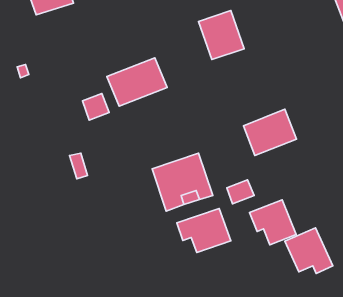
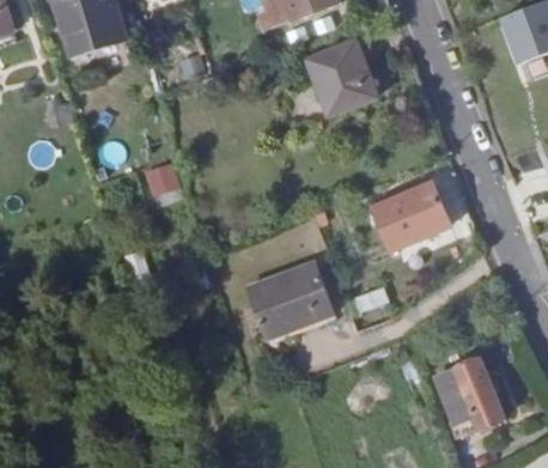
building: [107,58,167,106] -> none
building: [250,200,296,245] -> none
building: [177,208,231,252] -> none

